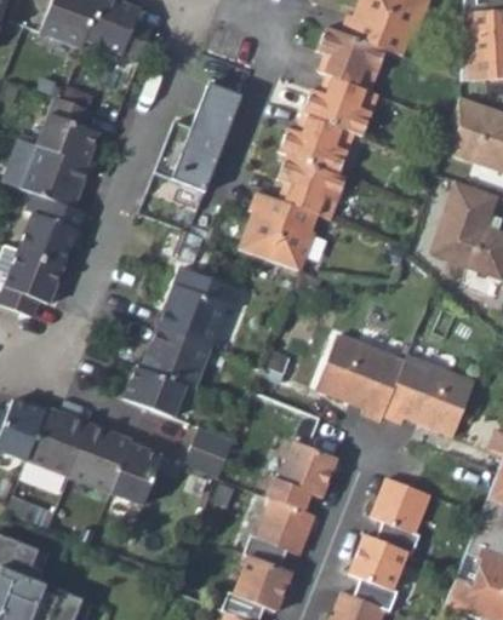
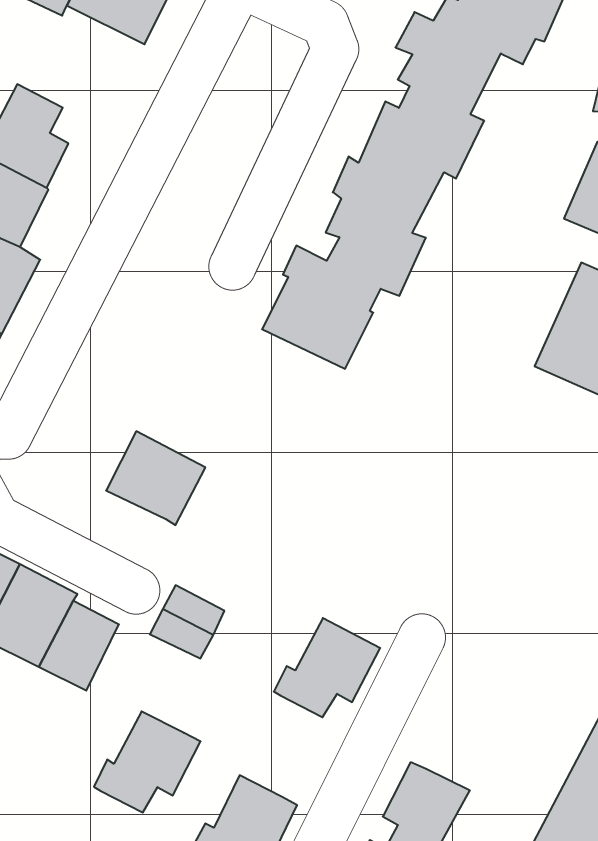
building: [164,80,244,212] -> none
building: [160,266,242,345] -> none
building: [316,333,474,435] -> none
building: [125,364,185,417] -> none
building: [375,477,434,552] -> none
building: [247,496,318,566] -> [94,711,201,812]

